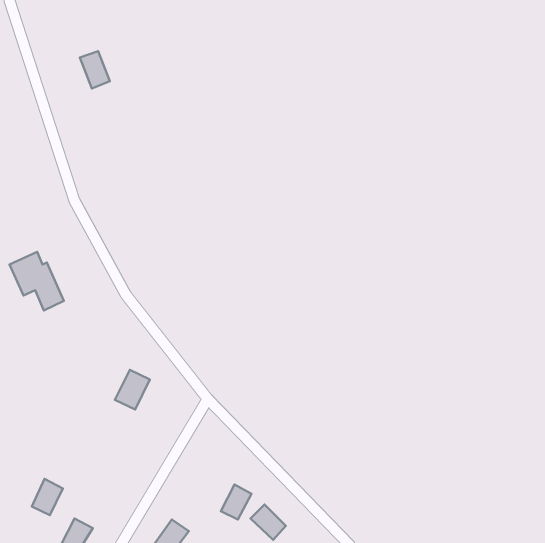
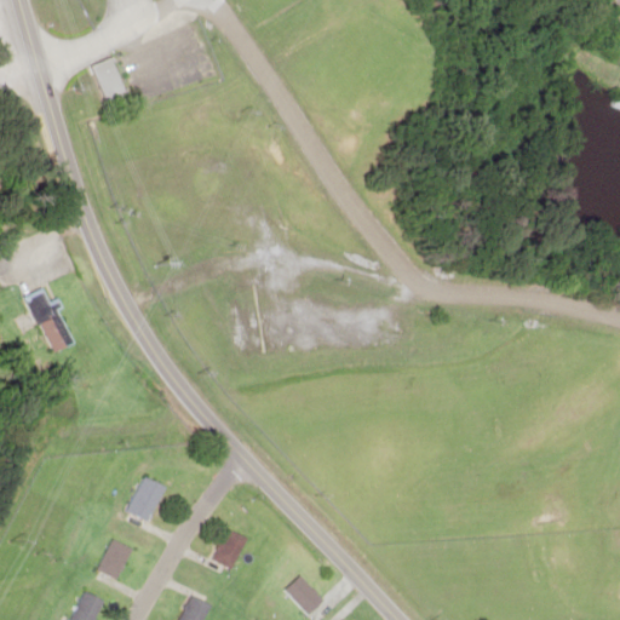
building: [115,370,150,409] -> [127,476,167,521]
building: [32,479,63,515] -> [98,539,133,580]
building: [221,484,252,520] -> [212,528,247,568]

